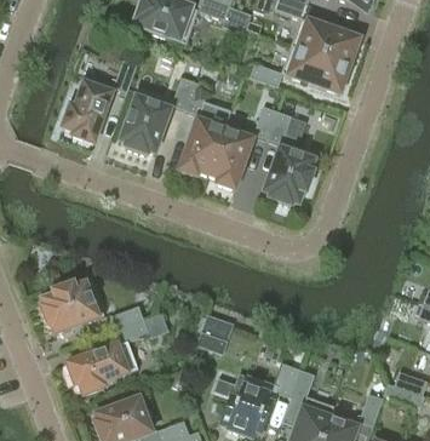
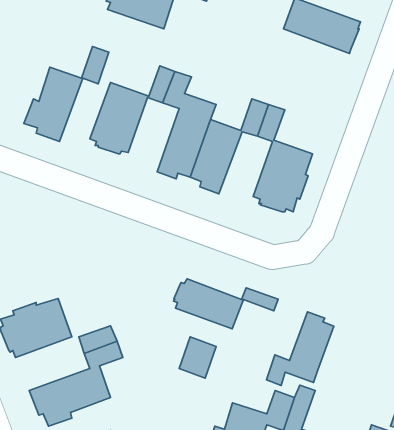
building: [250,44,349,92] -> none
building: none -> [173,279,278,329]
building: none -> [267,312,334,385]

